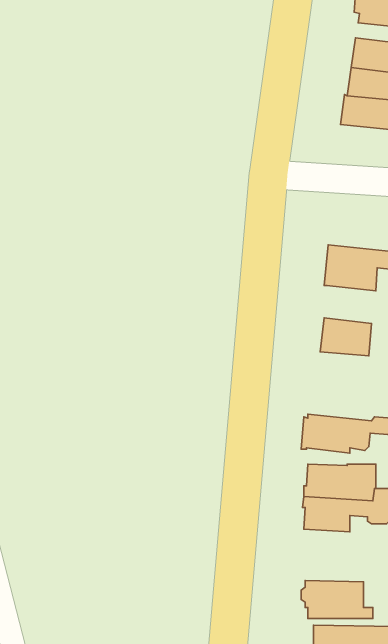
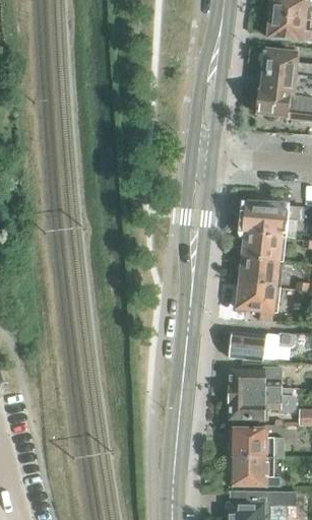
building: none -> [244,235,283,263]
building: none -> [239,284,277,313]
building: none -> [227,428,285,457]

